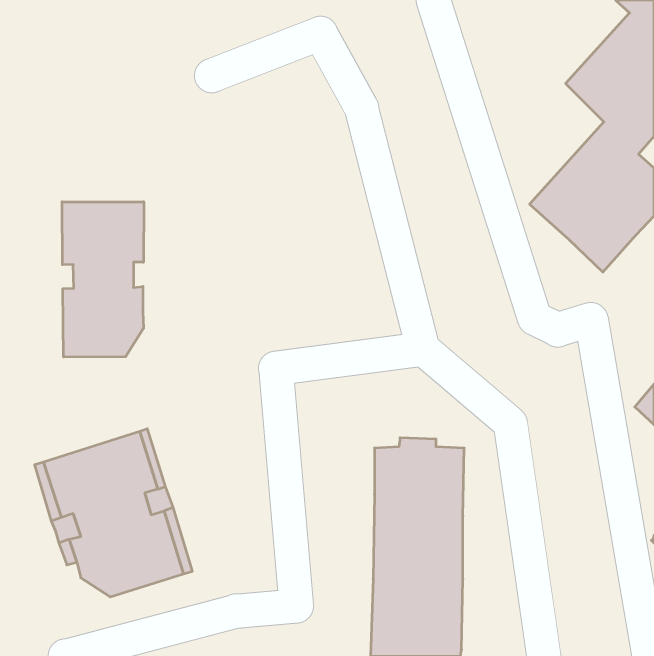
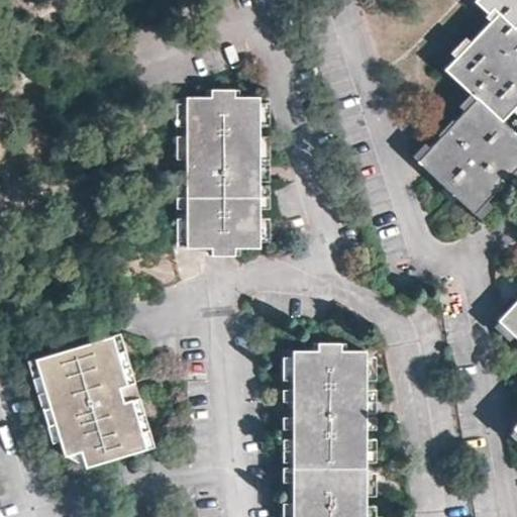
building: none -> [187,91,260,254]
building: [62,202,144,357] -> none

